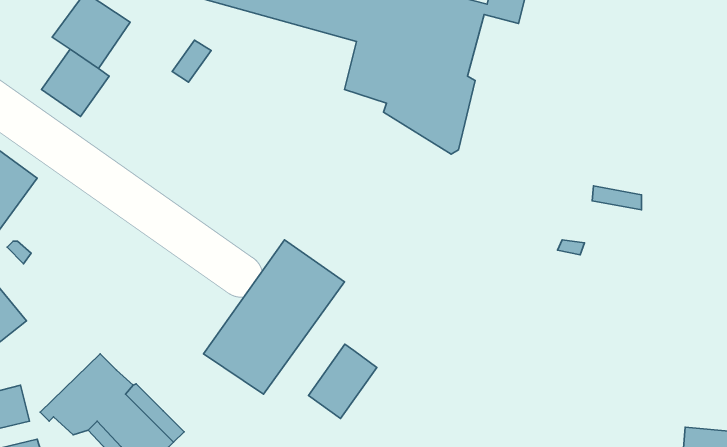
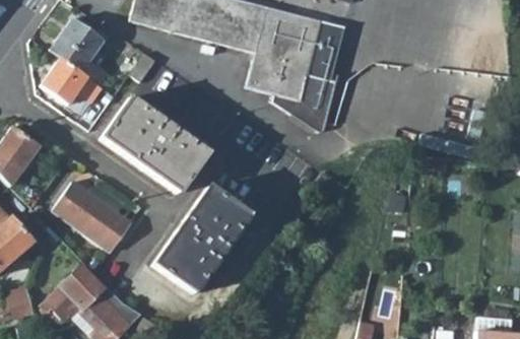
building: none -> [102,99,206,193]
building: none -> [53,182,131,251]
building: [309,344,377,419] -> none

